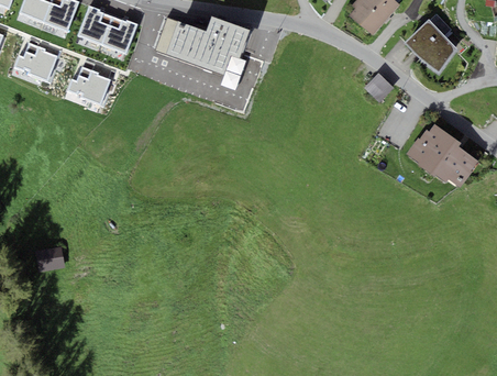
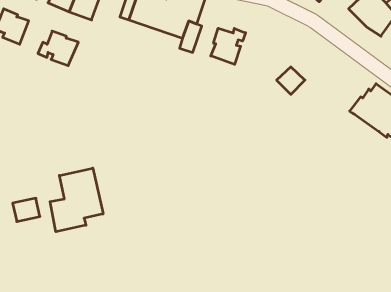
building: none -> [211,28,246,64]
building: [364,73,395,102] -> [277,67,305,94]
building: none -> [50,168,103,232]

